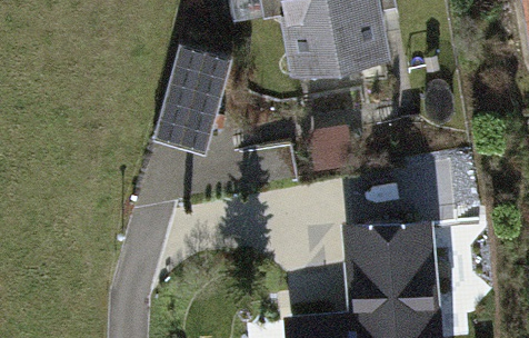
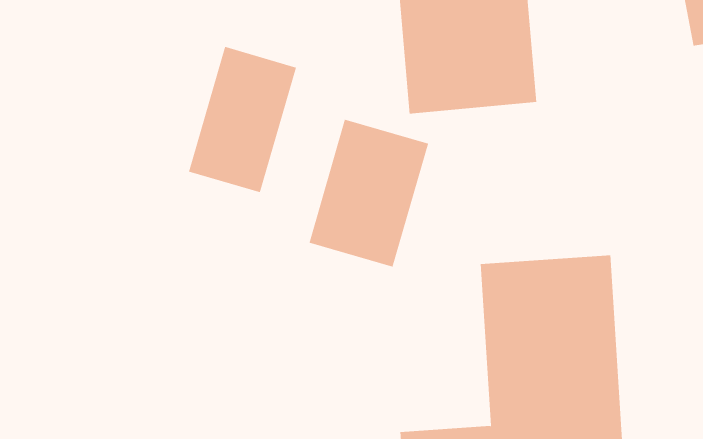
building: none -> [309,119,429,267]

